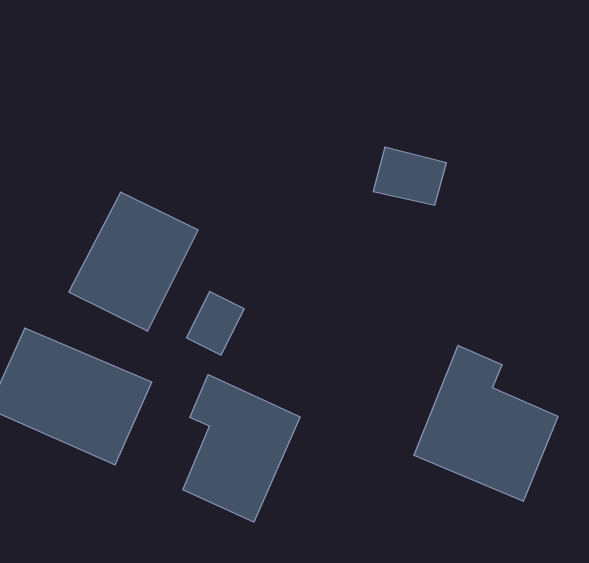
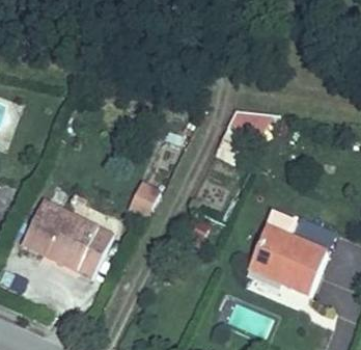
building: [69,192,198,331] -> none
building: [183,375,300,522] -> none

